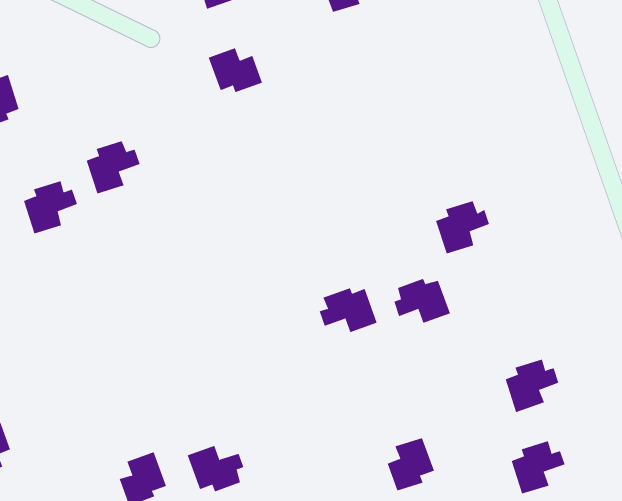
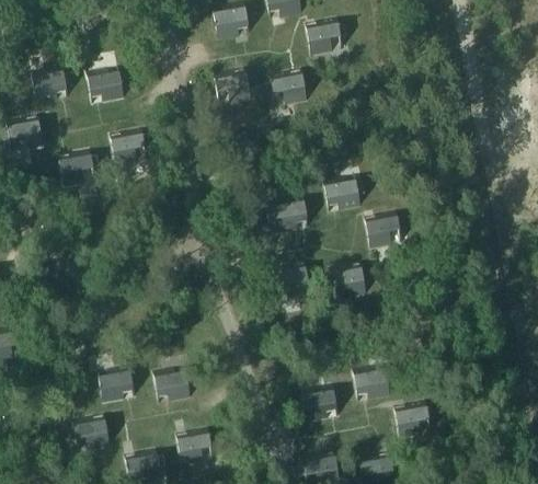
building: none -> [265,71,308,106]
building: none -> [87,68,124,102]
building: none -> [323,176,366,211]
building: none -> [267,196,308,233]
building: [505,359,559,413] -> [354,365,394,402]

